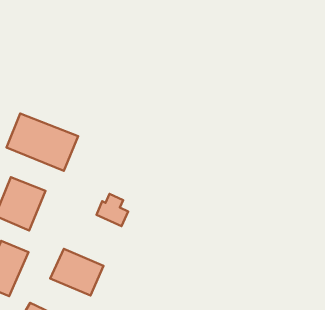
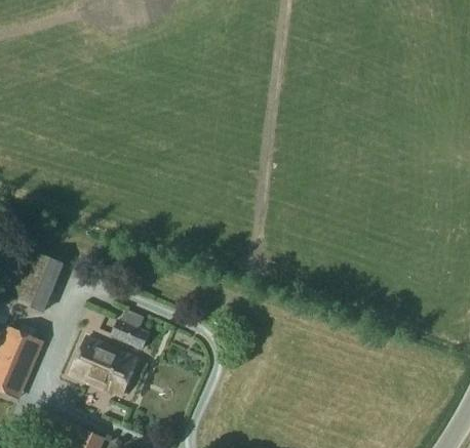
building: [7,113,78,171] -> none
building: [97,194,128,226] -> [111,309,151,350]

